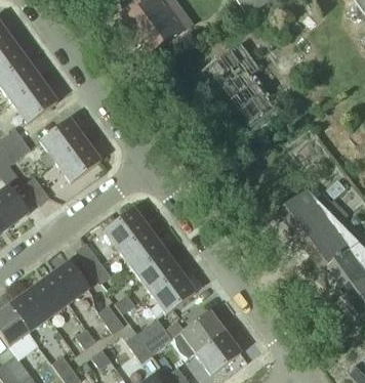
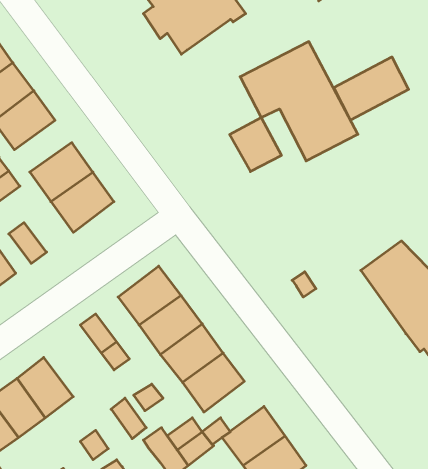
building: none -> [334,57,409,120]
building: none -> [230,117,281,172]
building: [48,260,90,303] -> none

